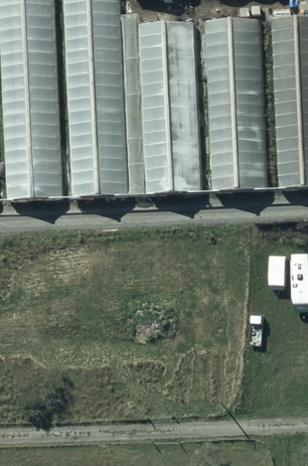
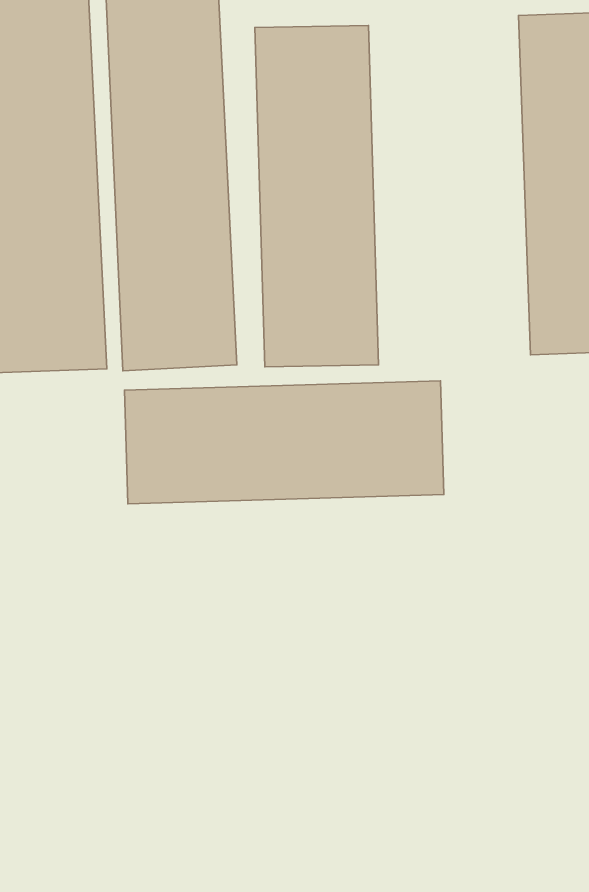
building: [204,18,267,189] -> none
building: none -> [125,381,444,504]

